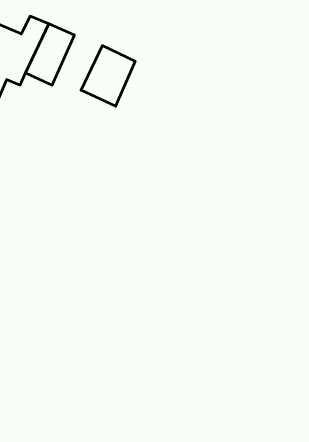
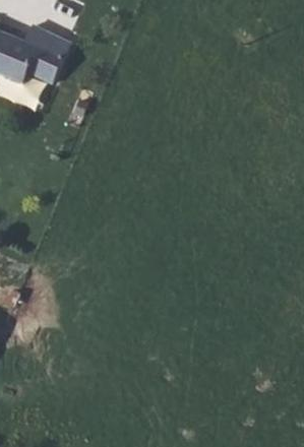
building: [81,46,135,106] -> none

